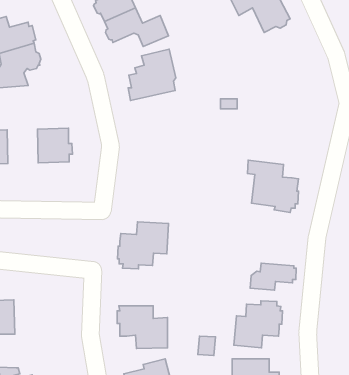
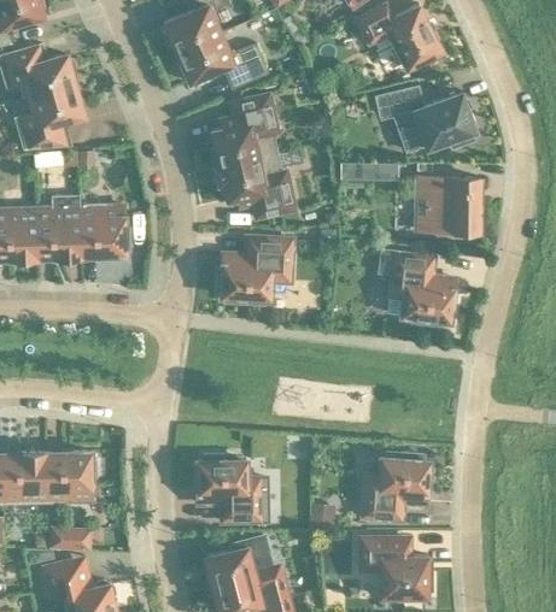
building: none -> [376,87,474,153]
building: none -> [213,152,295,218]
building: none -> [414,177,481,237]
building: none -> [36,195,81,257]
building: [117,222,169,269] -> [218,236,292,304]
building: [250,263,296,290] -> none
building: none -> [46,452,95,501]
building: none -> [51,528,90,549]

